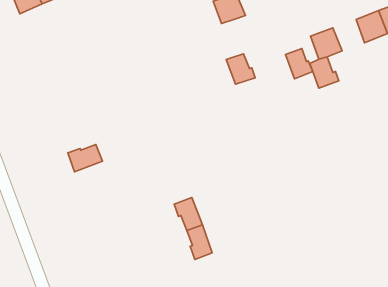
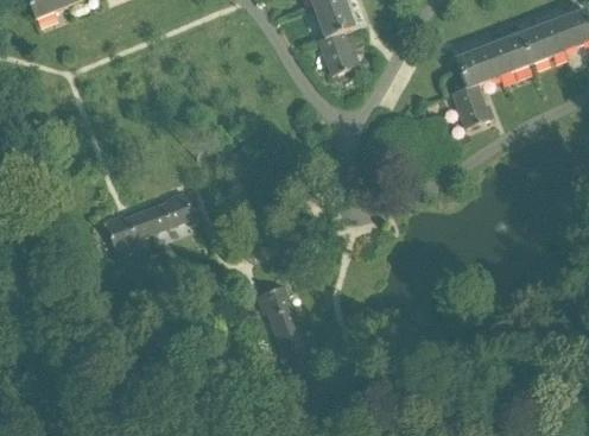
building: none -> [486,32,531,77]
building: [285,49,313,79] -> none
building: [226,54,255,84] -> [318,32,360,76]
building: none -> [145,194,194,235]

